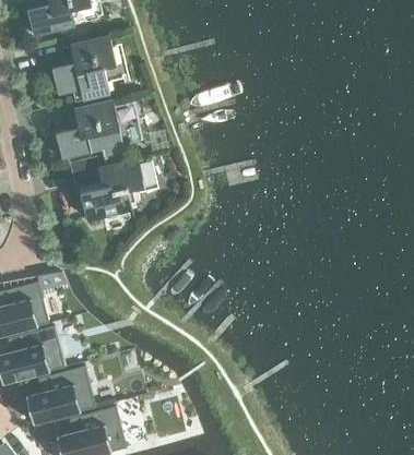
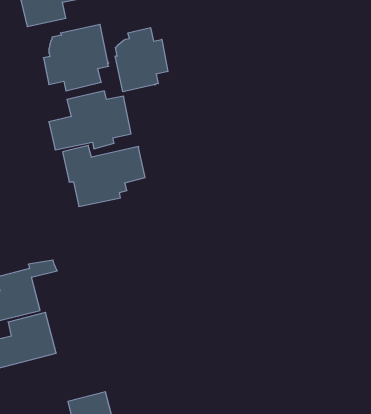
building: none -> [115,28,168,92]
building: [23,367,94,424] -> none

